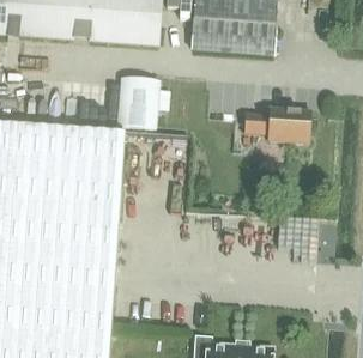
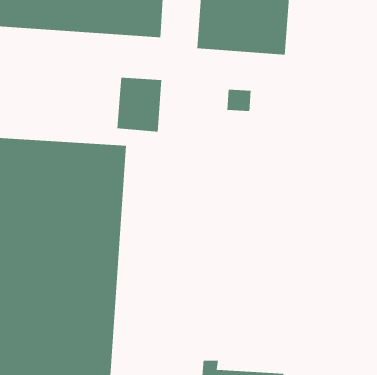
building: [243,107,310,142] -> none

